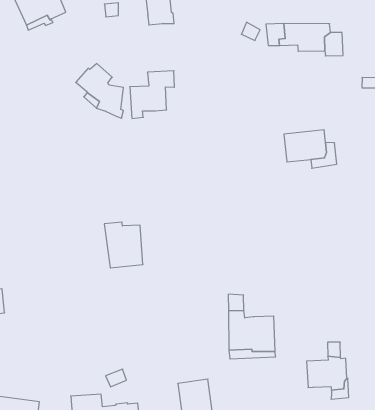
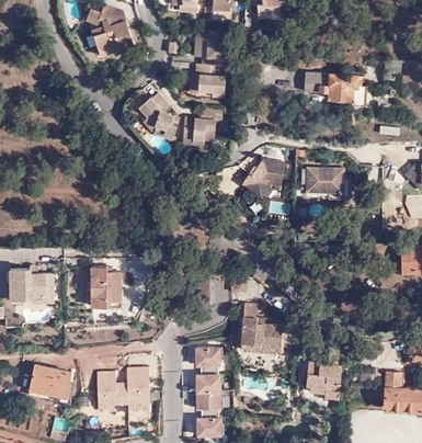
building: none -> [193,60,223,89]
building: none -> [244,160,282,195]
building: [104,222,143,268] -> [91,271,122,309]
building: none -> [193,347,219,371]

